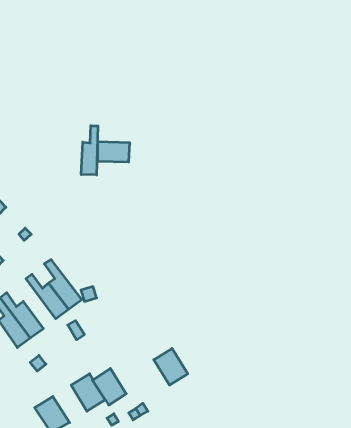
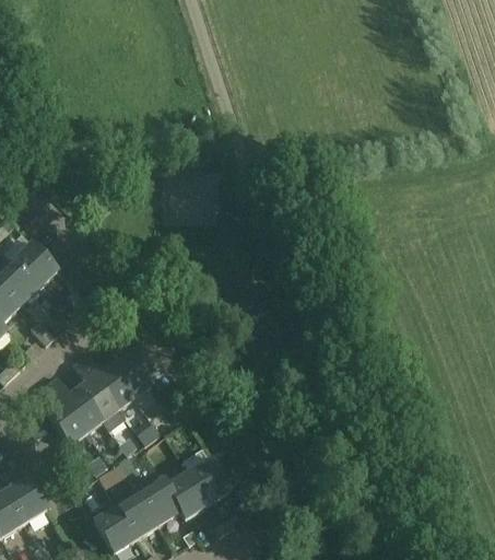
building: [81,126,98,175] -> none
building: none -> [73,358,127,430]
building: [154,348,188,385] -> [188,456,231,502]
building: none -> [116,491,158,538]

